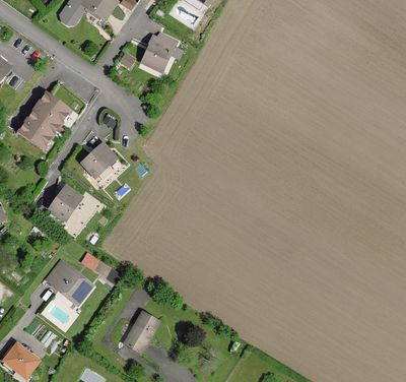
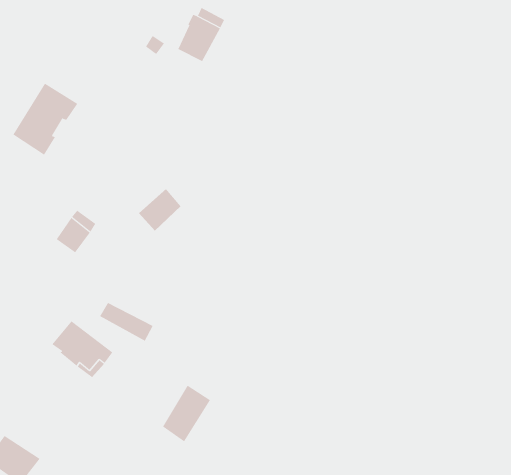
building: [81,140,113,172] -> [138,188,181,231]

